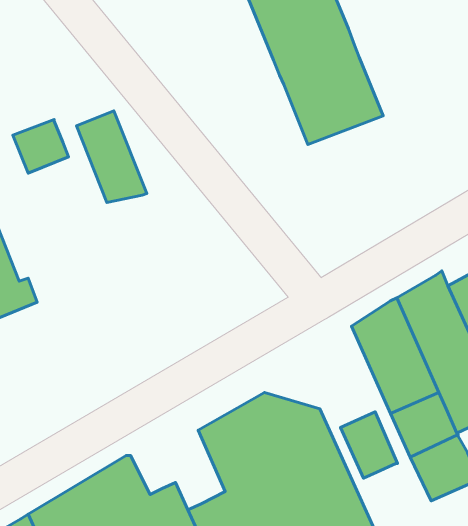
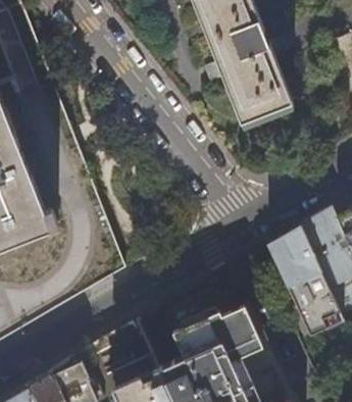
building: [77,111,147,202] -> none
building: [13,119,69,173] -> none
building: [340,412,398,478] -> none

